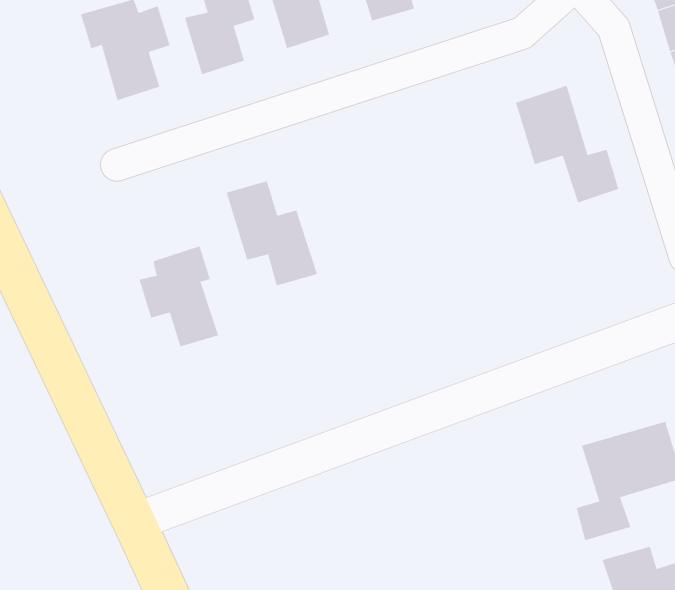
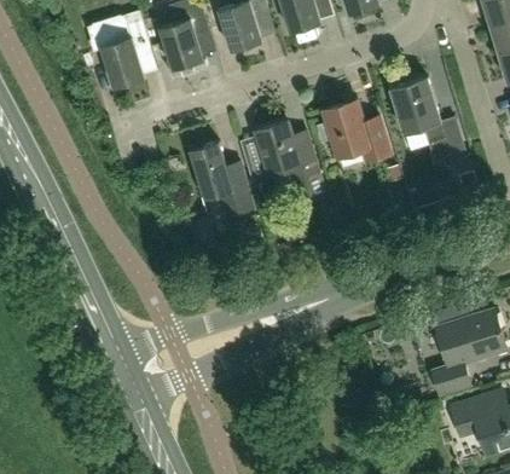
building: none -> [318,99,389,162]
building: none -> [255,121,324,203]
building: [139,246,219,347] -> none

